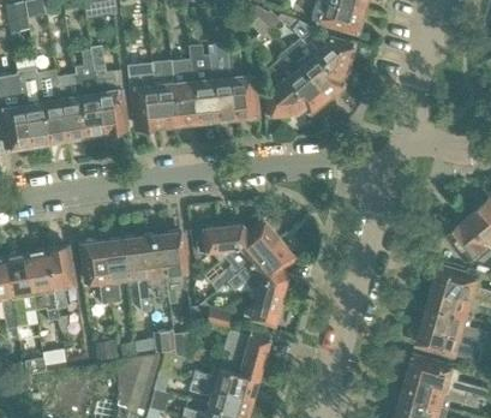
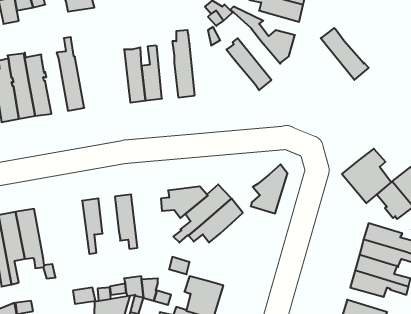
building: [286,38,342,100] -> [321,28,369,80]
building: [188,44,216,121] -> none
building: [90,46,125,132] -> none
building: [228,46,256,118] -> none
building: [128,62,160,127] -> none
building: [265,64,306,114] -> none
building: [56,74,86,139] -> none
building: none -> [342,149,391,203]
building: [161,232,187,304] -> none
building: [122,237,152,327] -> none
building: [83,241,112,305] -> none
building: [47,246,76,309] -> none
building: [244,268,287,326] -> [251,164,288,213]

